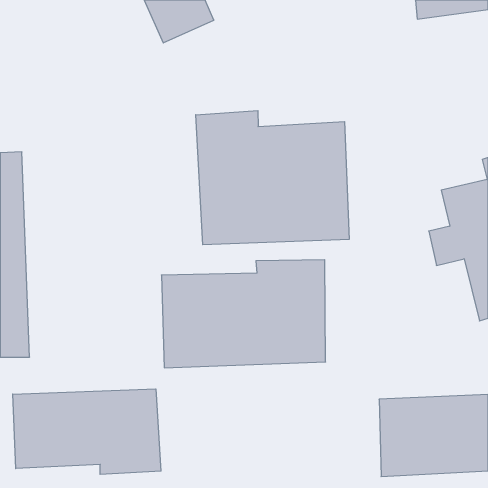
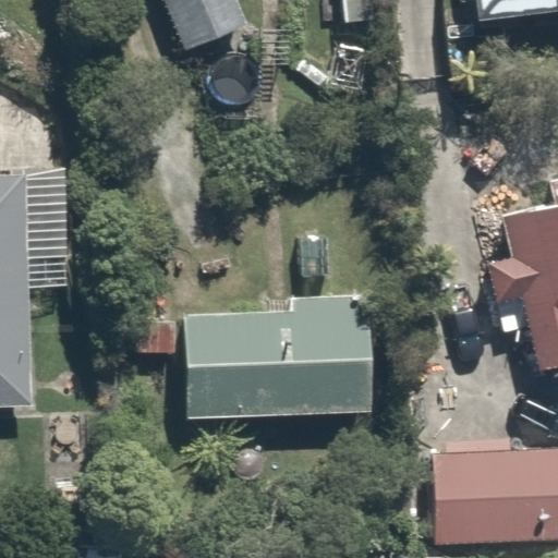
building: [196,111,349,245] -> none
building: [13,389,161,474] -> none

